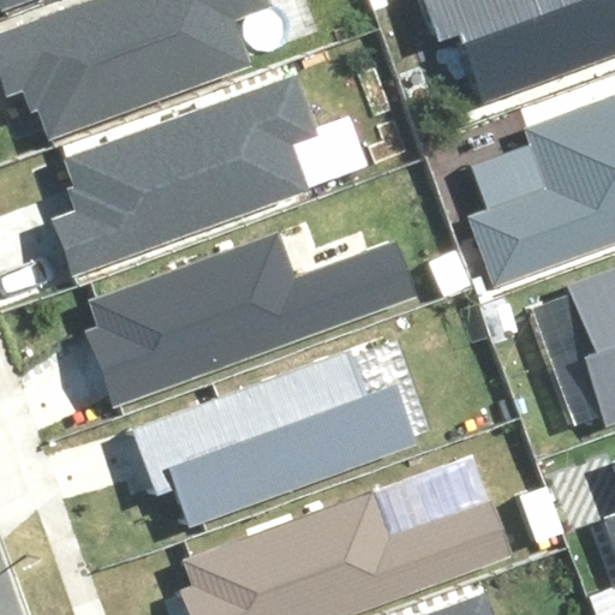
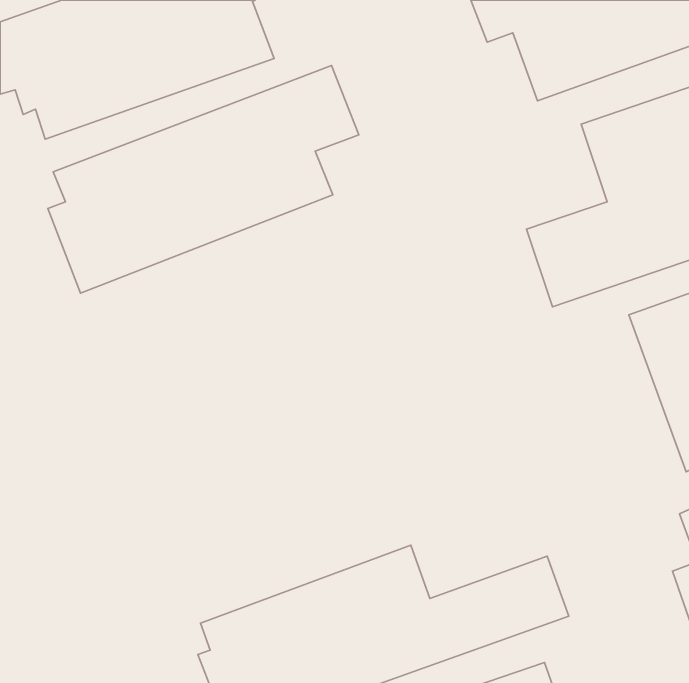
building: [86,235,413,406] -> none
building: [132,346,416,530] -> none

